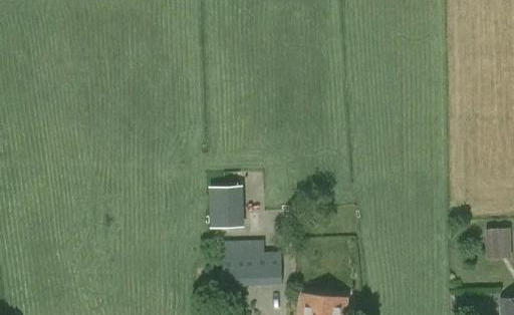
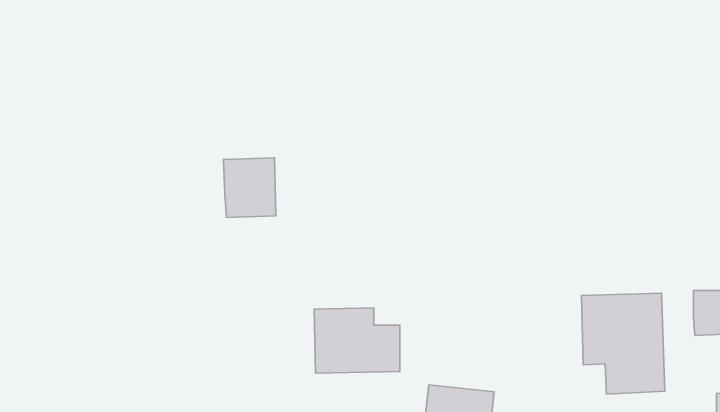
building: [208,187,244,228] -> [224,158,276,217]
building: none -> [581,293,665,394]

